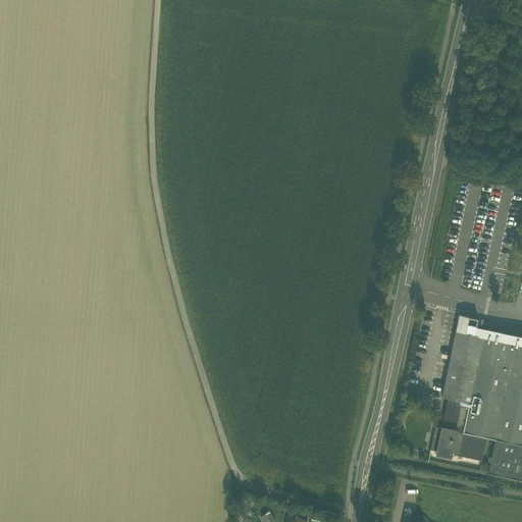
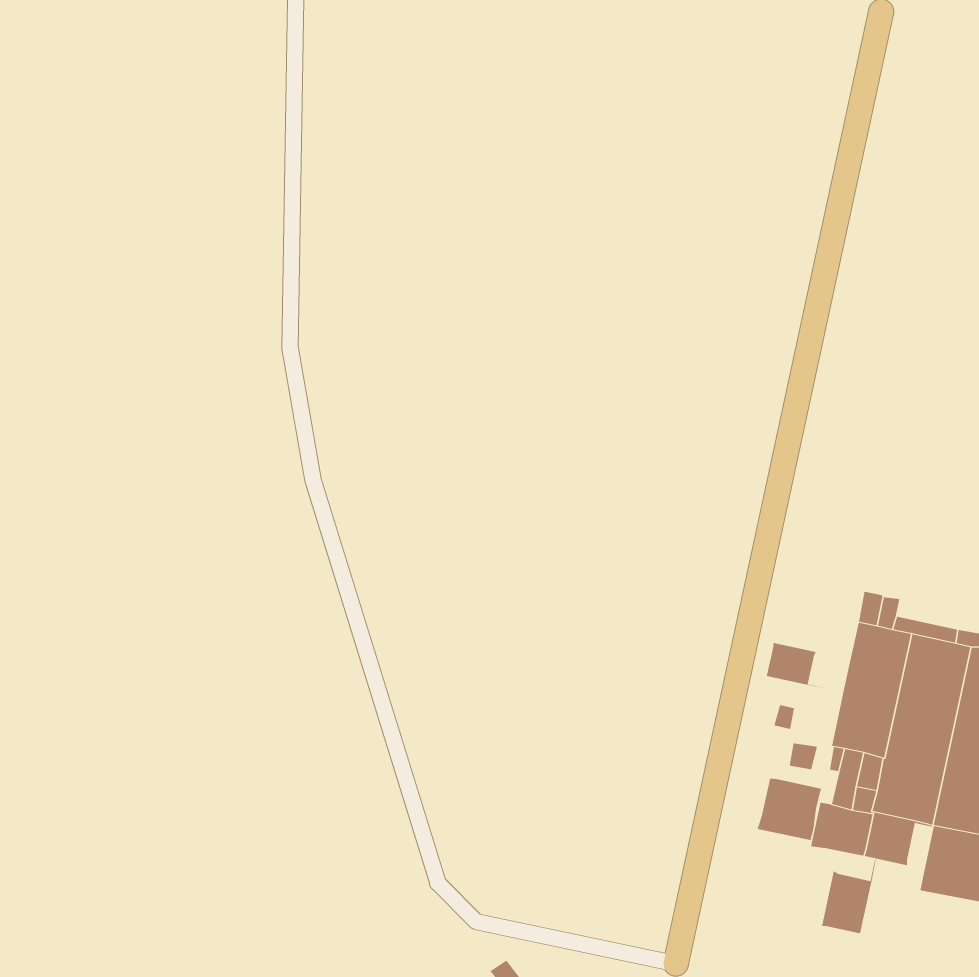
building: none -> [766,642,825,689]
building: none -> [757,778,822,841]
building: none -> [821,858,876,935]

